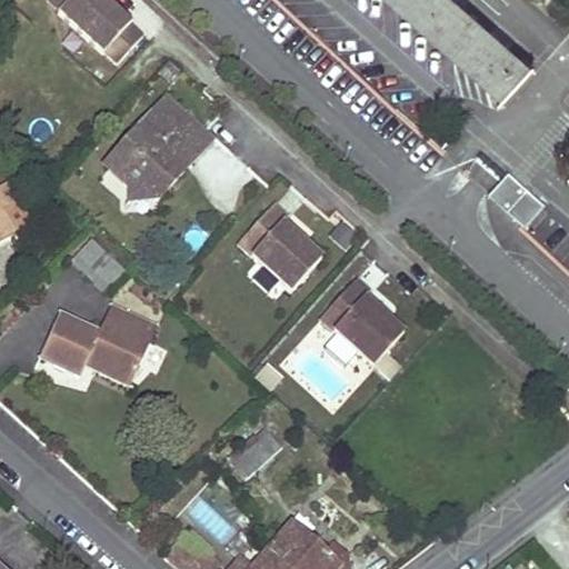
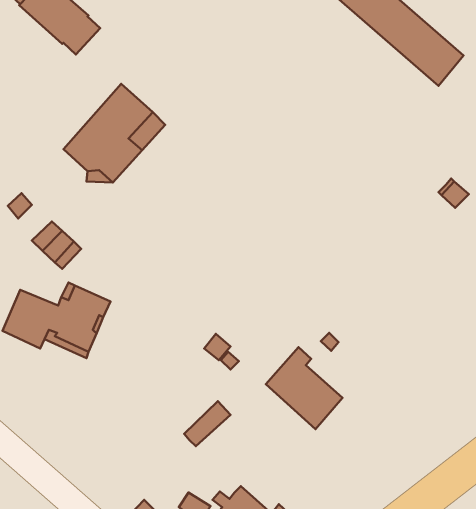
building: [237,202,319,289] -> none
building: [320,278,401,365] -> [266,347,343,429]

